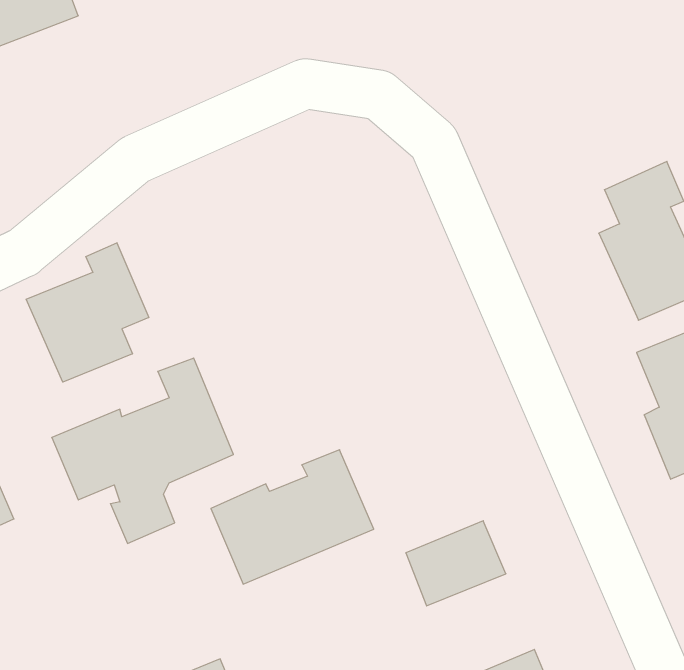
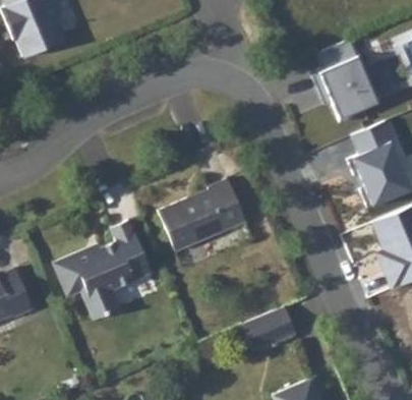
building: none -> [312,40,374,114]
building: [26,243,149,382] -> none
building: [211,450,374,584] -> [160,180,247,252]

